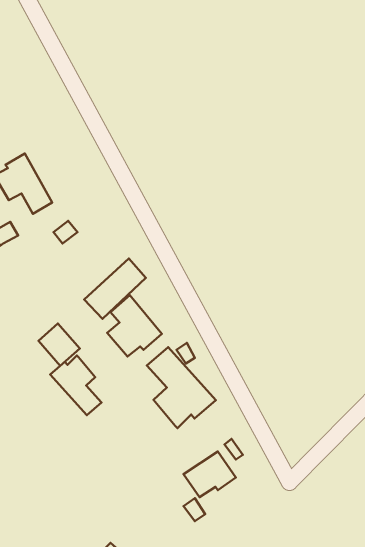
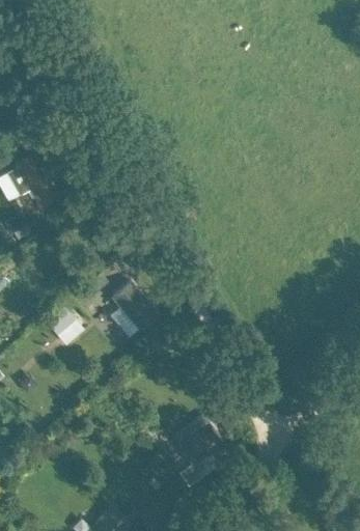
building: [147,347,216,428] -> none
building: [50,355,102,415] -> none

